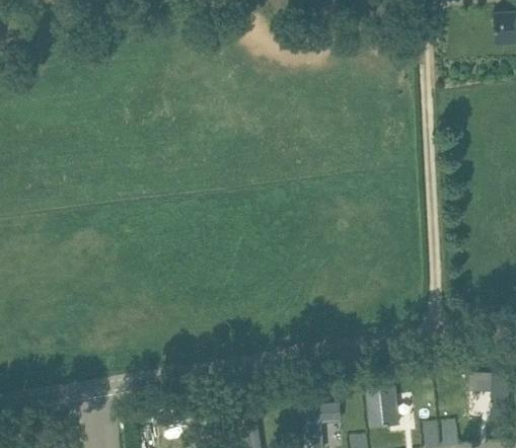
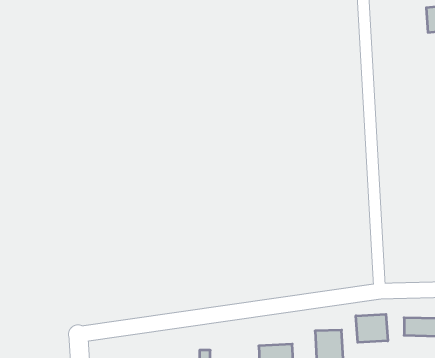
building: none -> [356,314,388,342]

